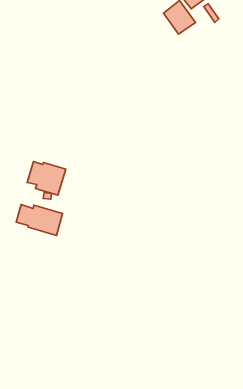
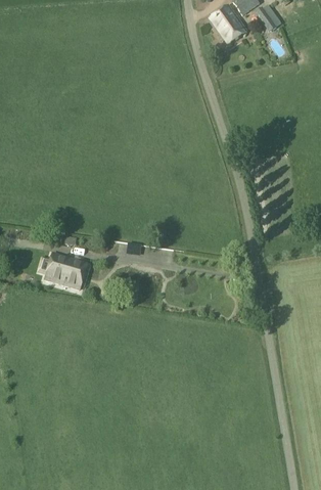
building: [27,162,66,195] -> none

